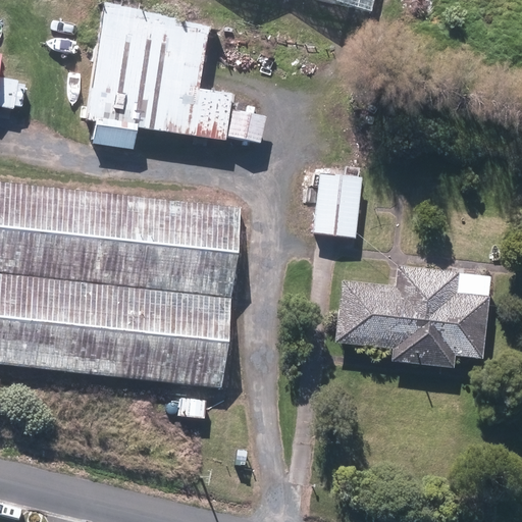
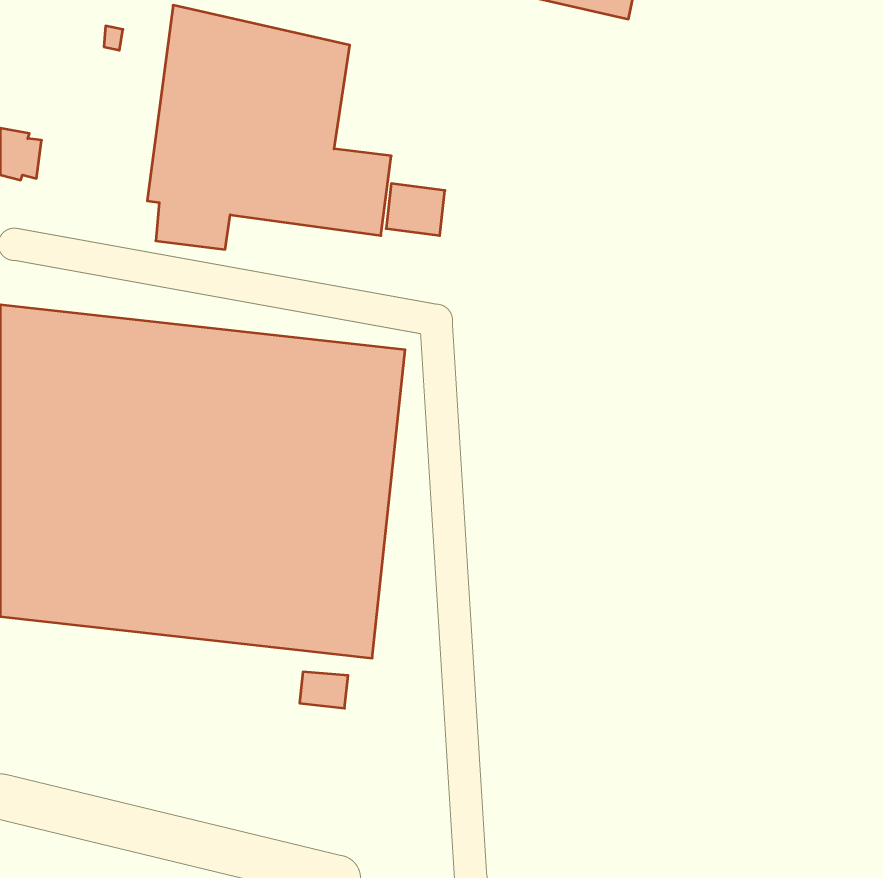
building: [313,165,361,237] -> none
building: [334,265,489,365] -> none

